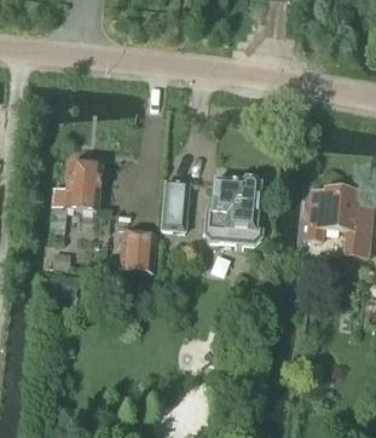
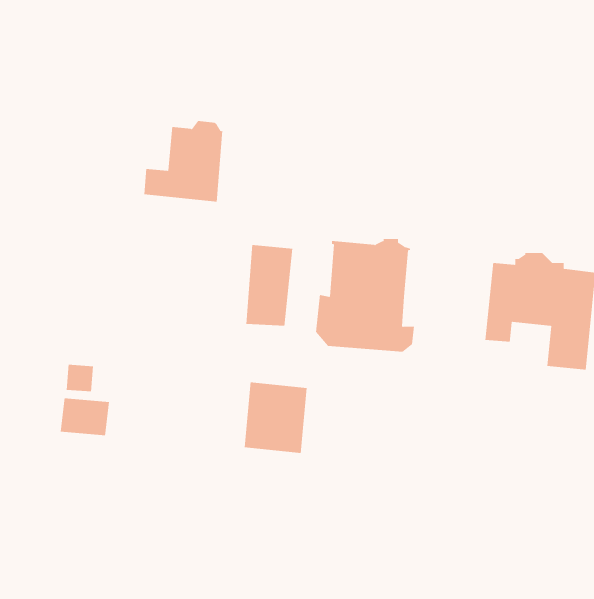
building: [51,160,99,209] -> [144,121,223,202]
building: [118,230,157,273] -> [244,382,308,453]

